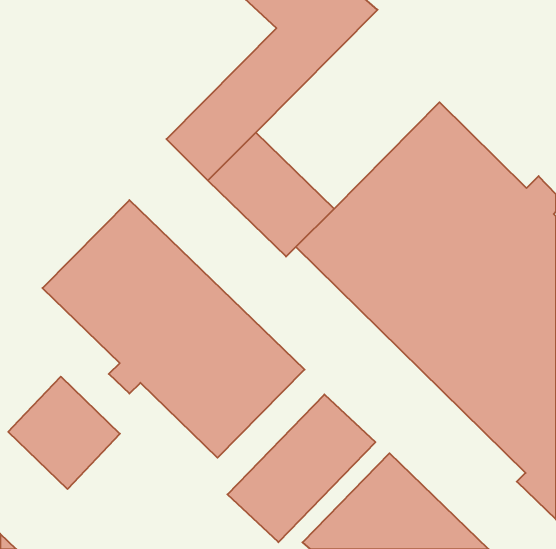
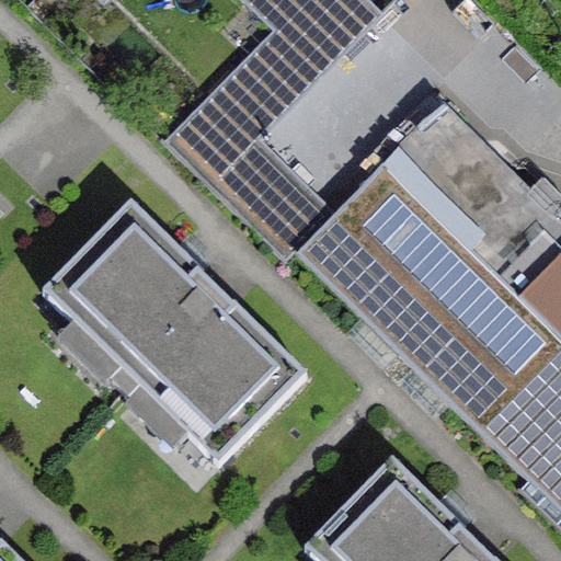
building: [8,377,120,489] -> none
building: [227,394,375,542] -> none

